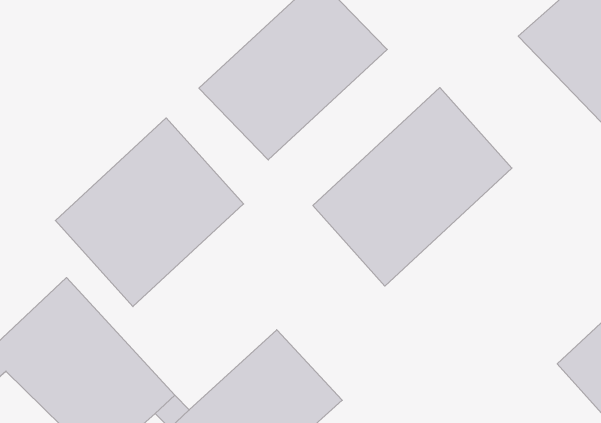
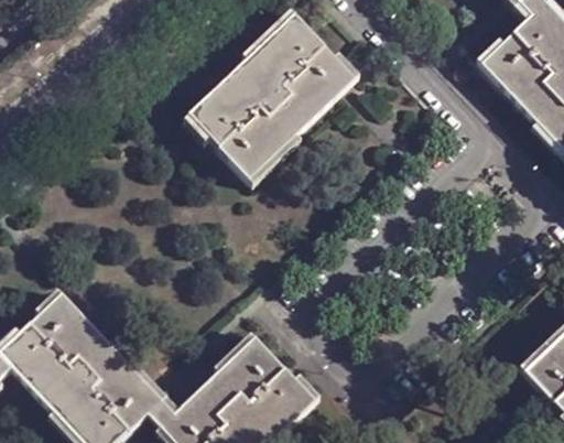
building: [313,88,512,286] -> none
building: [55,118,244,307] -> none

